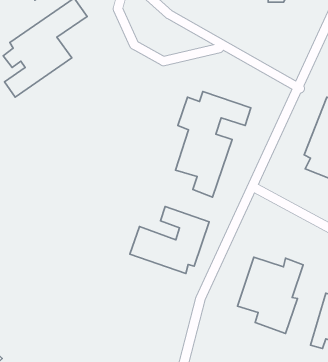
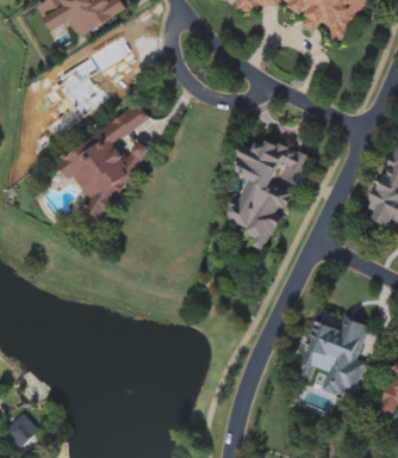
building: none -> [56,101,151,228]
building: [130,206,209,274] -> none

